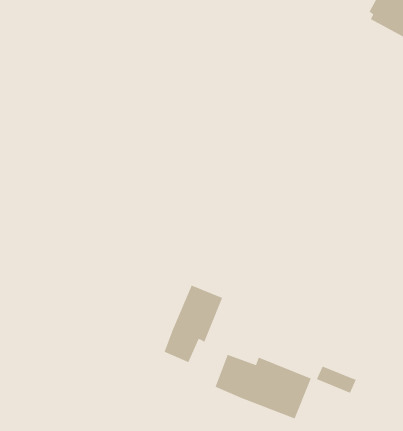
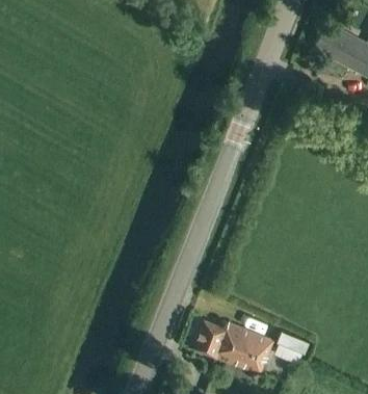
building: [163,285,223,363] -> none

